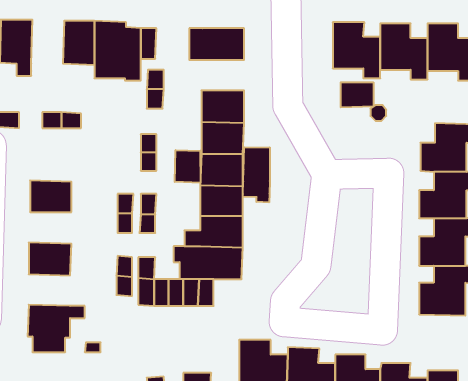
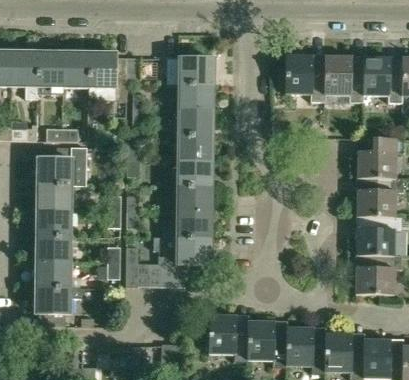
building: none -> [37,52,64,94]
building: none -> [177,85,212,110]
building: [341,82,373,107] -> none
building: none -> [36,146,87,185]
building: [243,147,270,202] -> none
building: [175,150,200,183] -> none
building: none -> [35,210,70,236]
building: none -> [35,261,81,287]

